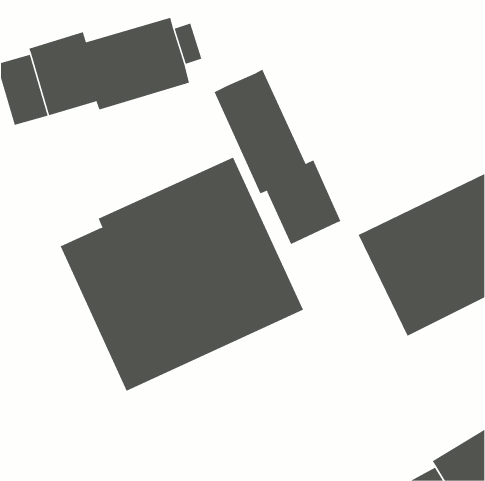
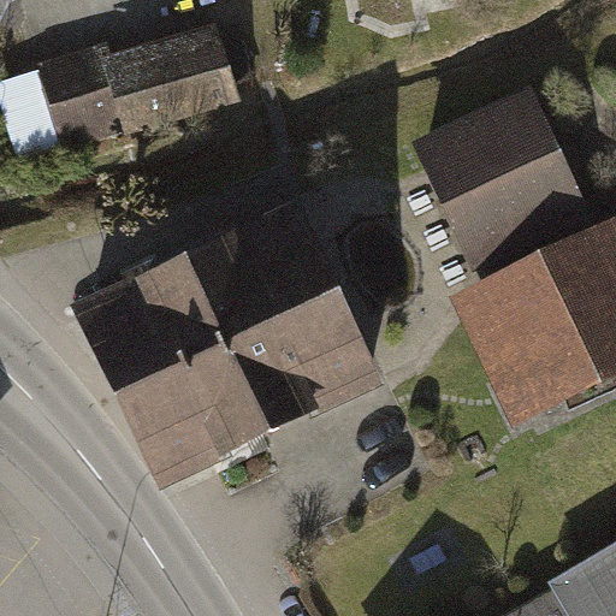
building: none -> [417,87,588,265]
building: [214,69,341,245] -> none

